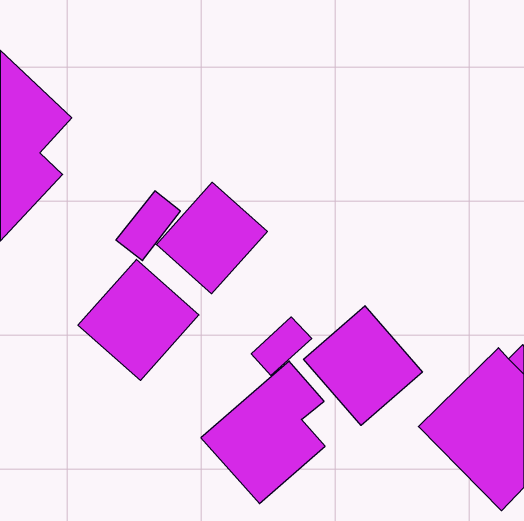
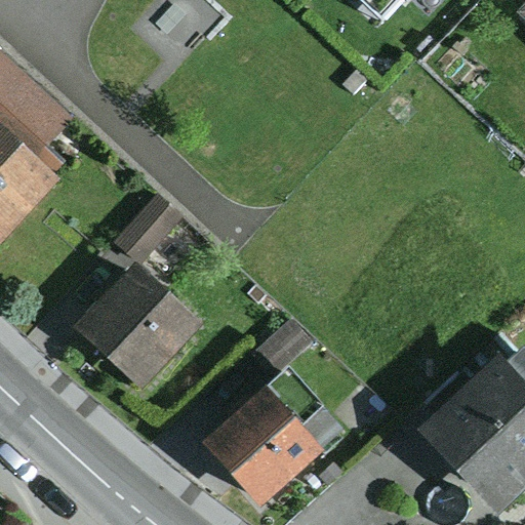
building: [156,182,267,294] -> none
building: [304,306,422,425] -> none

